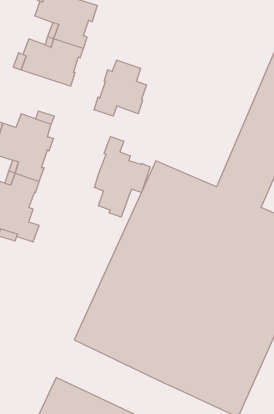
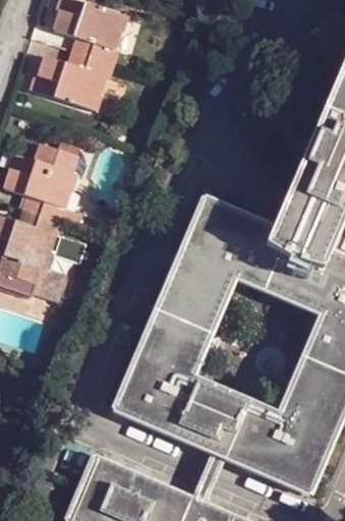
building: [94,60,147,116] -> none
building: [95,137,150,217] -> none

